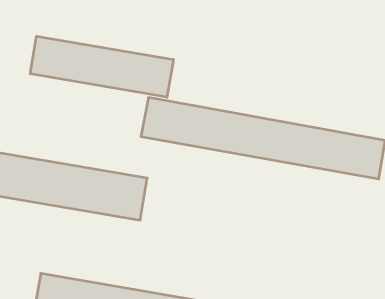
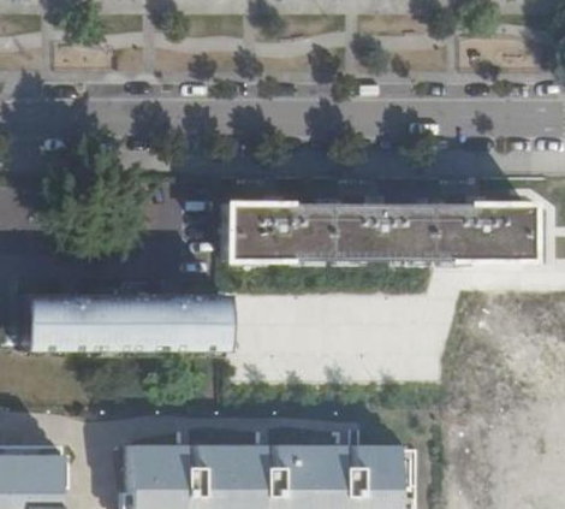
building: [30,36,173,97] -> none

